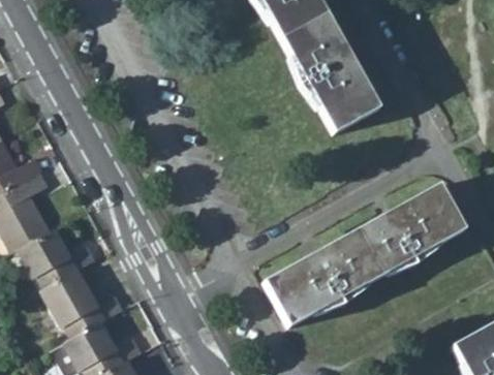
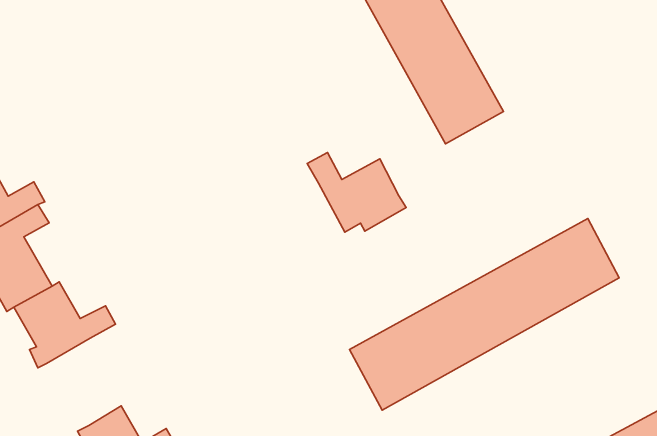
building: none -> [307,152,406,232]
building: [43,273,122,337] -> none

